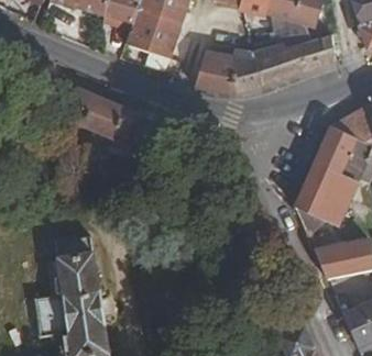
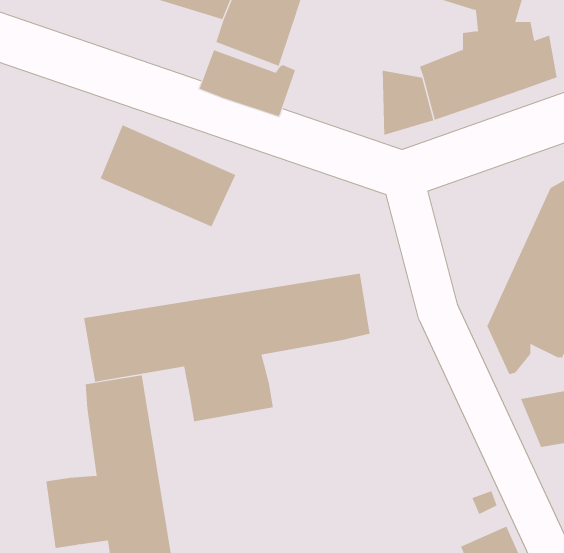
building: [196,51,233,93] -> none
building: none -> [84,273,370,422]

